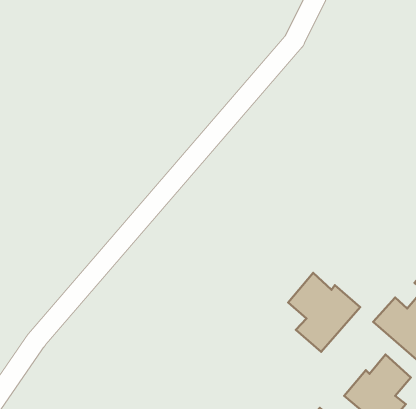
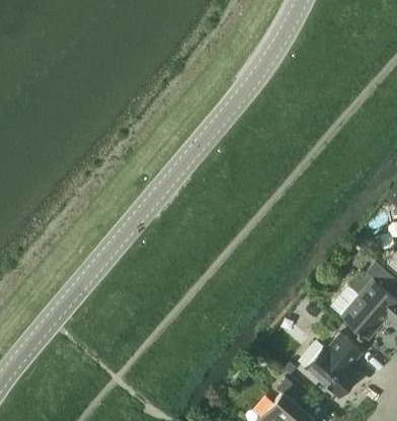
building: [288,273,360,352] -> none

